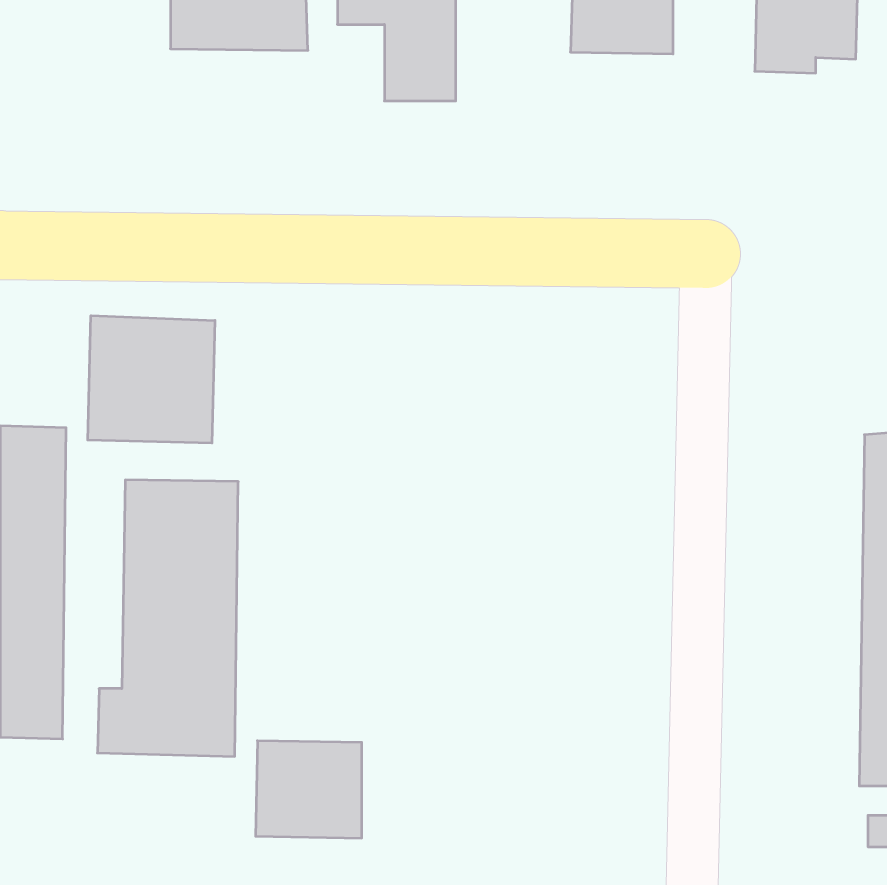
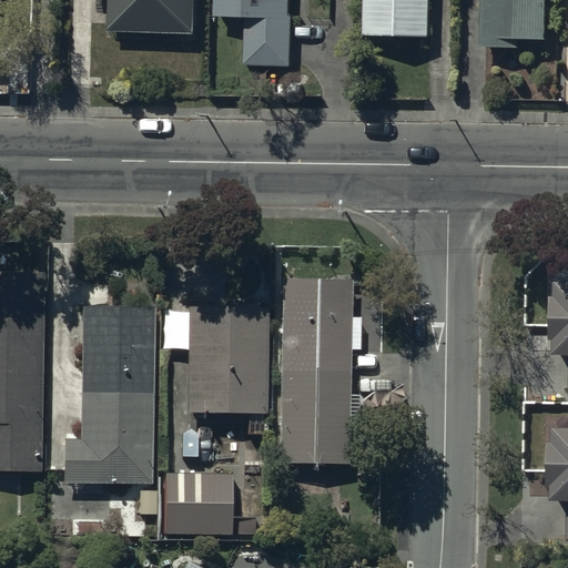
building: [88,316,215,443] -> none
building: none -> [278,281,364,463]
building: none -> [186,307,267,413]

